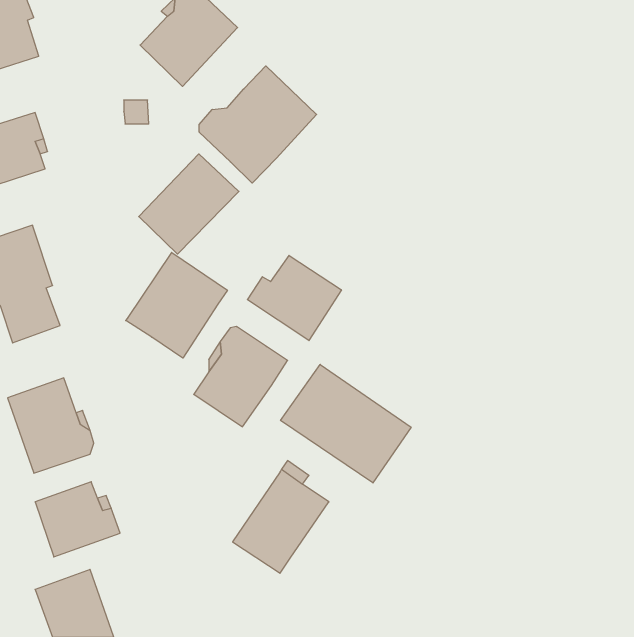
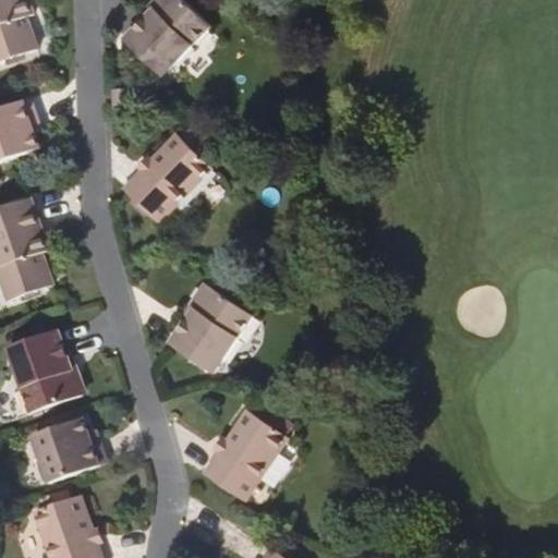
building: [199,66,317,183] -> none
building: [126,252,227,358] -> none
building: [247,255,341,341] -> none
building: [281,364,411,483] -> none

